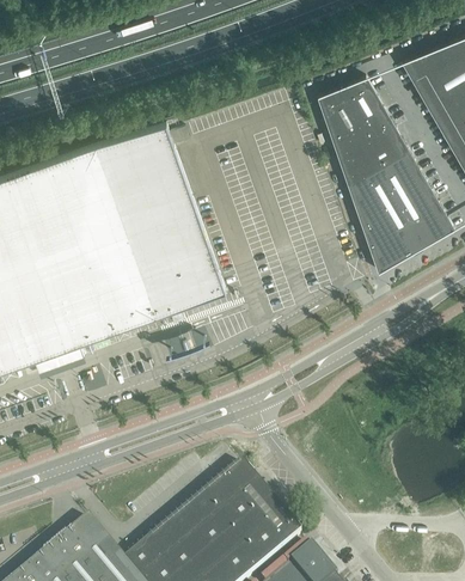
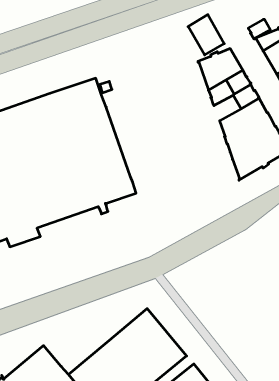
building: none -> [188,15,224,55]
building: none -> [248,19,270,39]
building: [341,147,381,185] -> none

